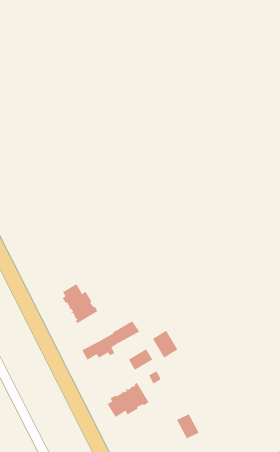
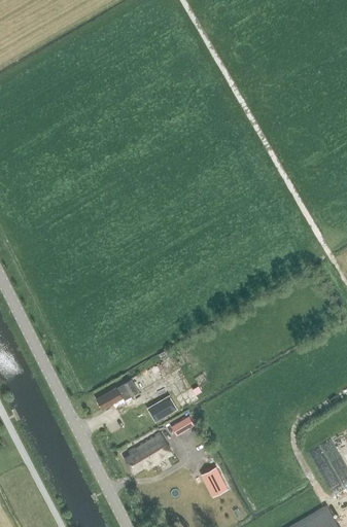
building: [62,283,98,324] -> none
building: [152,330,178,358] -> none

